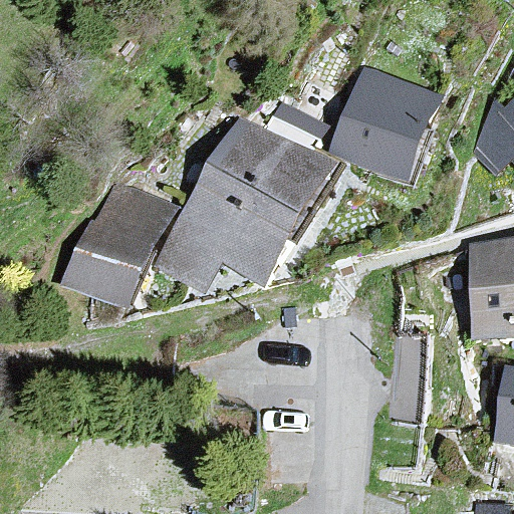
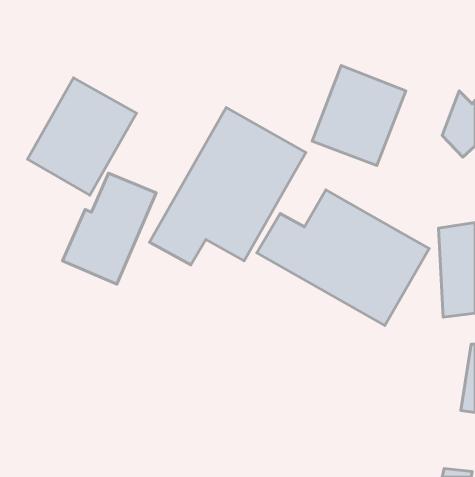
building: none -> [27,78,137,195]
building: none -> [257,190,429,326]

